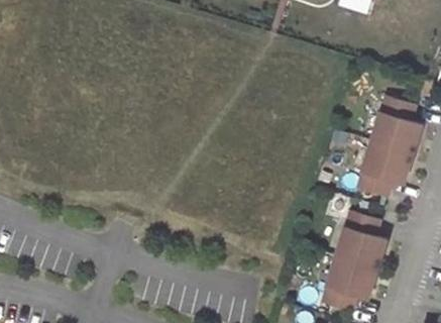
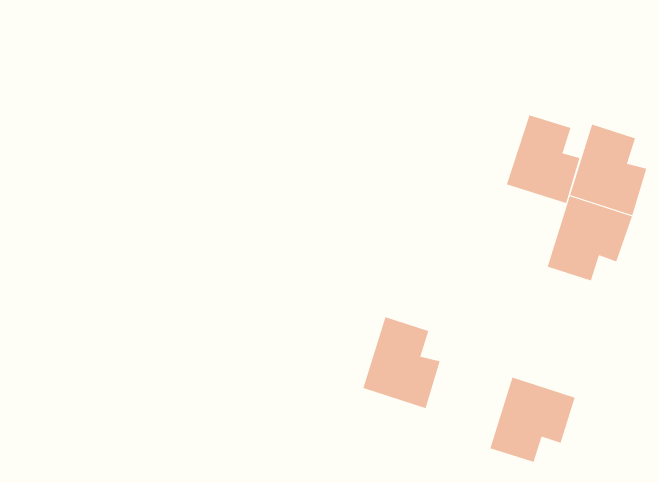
building: none -> [506,114,580,204]
building: [336,209,385,267] -> [362,317,440,409]

